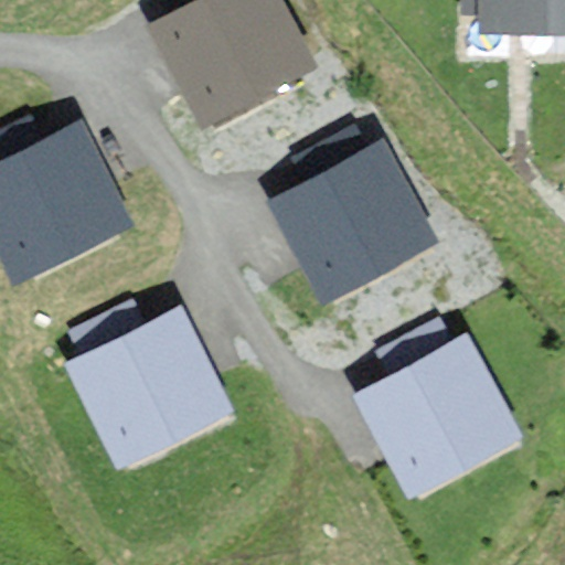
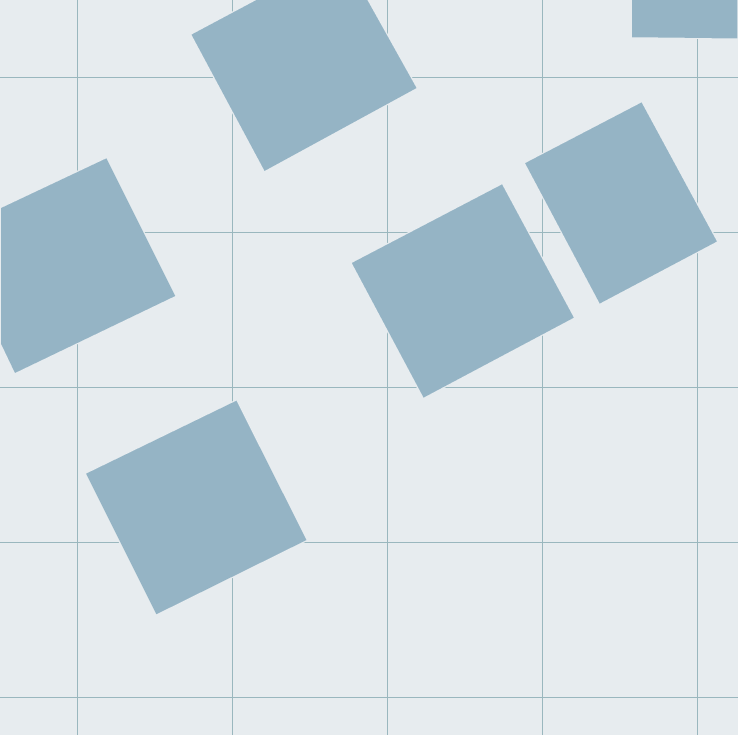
building: none -> [524,101,718,304]
building: [352,333,522,499] -> none

